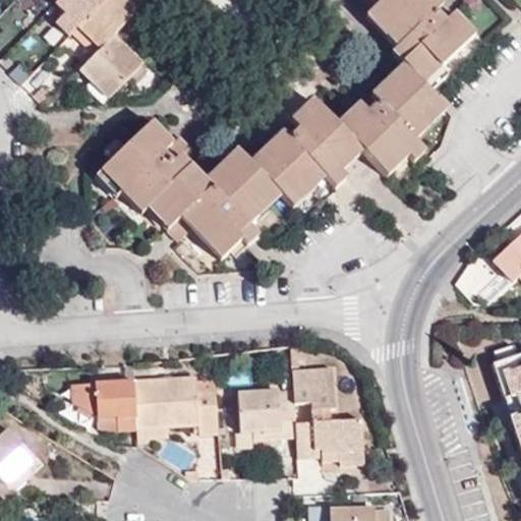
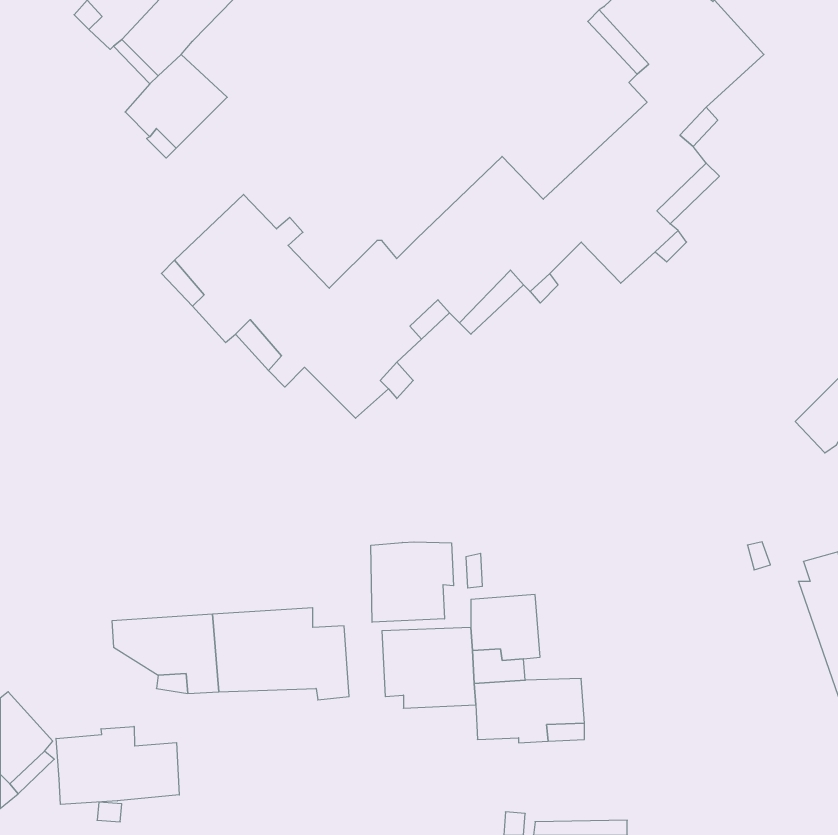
building: none -> [371,542,453,622]
building: none -> [56,726,179,804]

